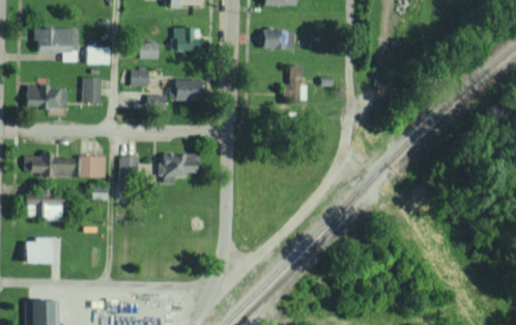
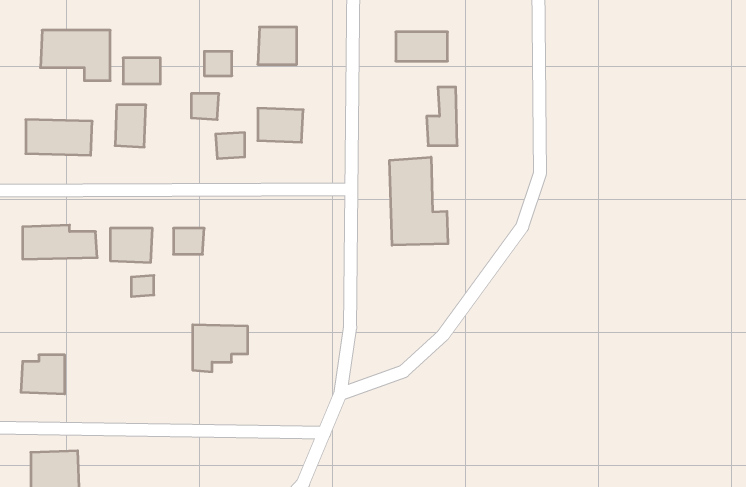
building: none -> [390,157,448,245]
building: [162,154,197,184] -> [193,325,248,372]
building: [24,193,62,219] -> none

